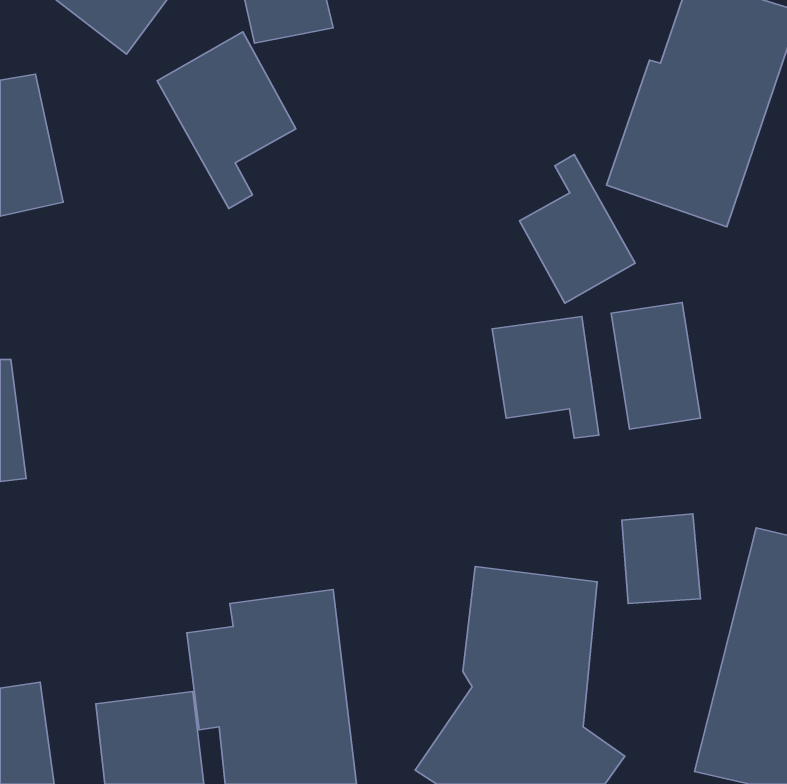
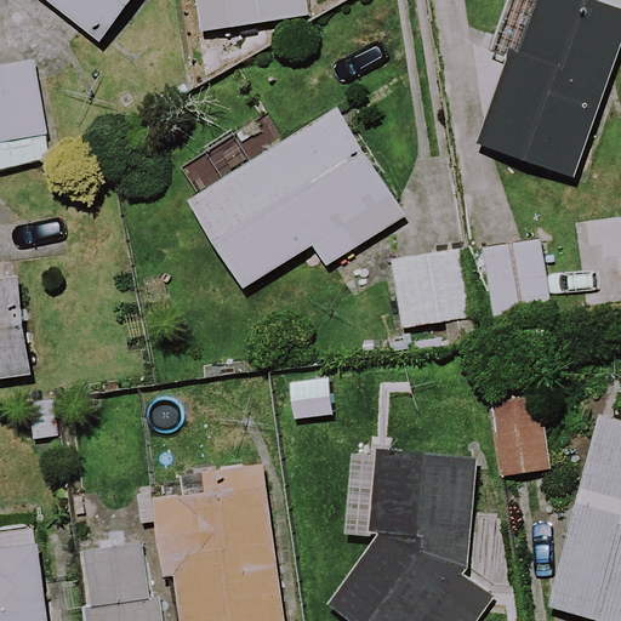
building: [157,32,296,209] -> none
building: none -> [187,113,400,289]
building: [520,154,635,303] -> none

